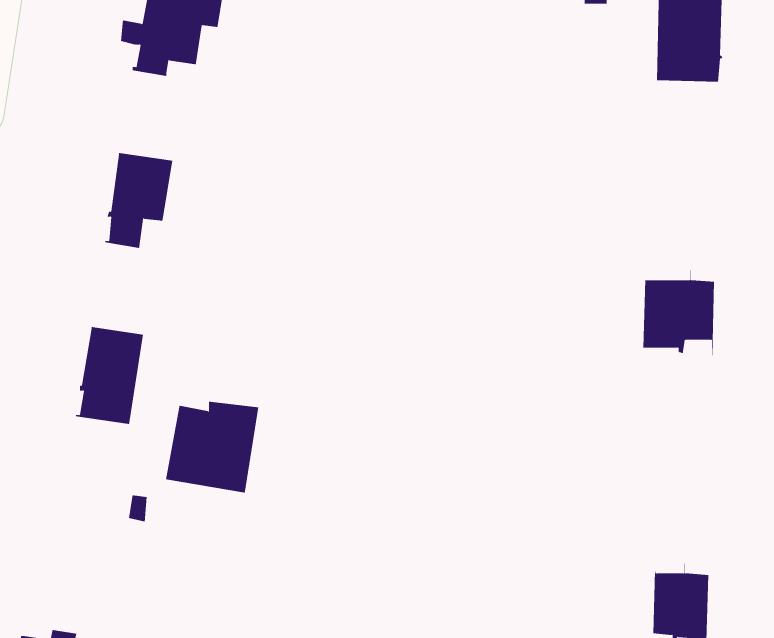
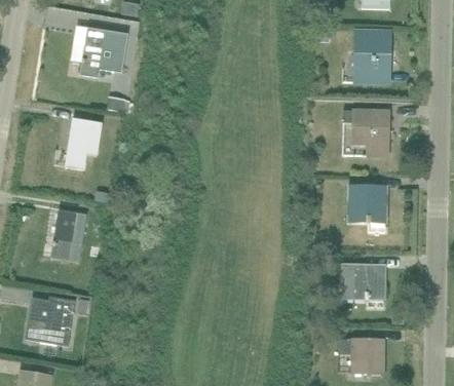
building: none -> [342,110,388,156]
building: [165,401,259,493] -> [26,297,75,345]
building: none -> [341,260,383,302]

